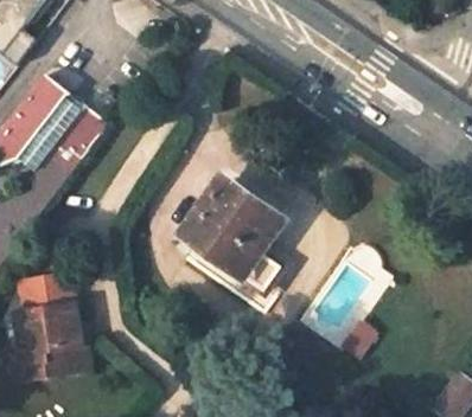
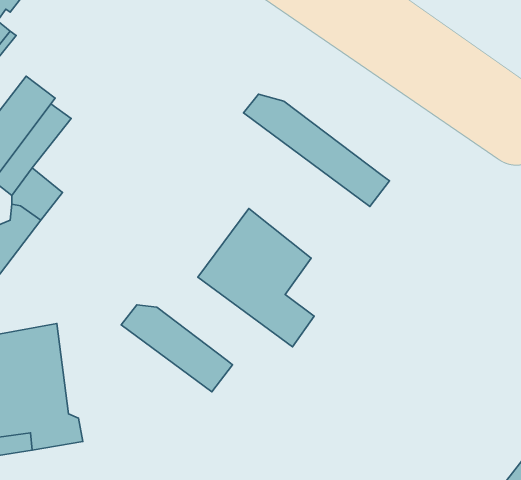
building: none -> [243,94,390,206]
building: [50,103,109,167] -> none
building: none -> [121,305,232,392]

